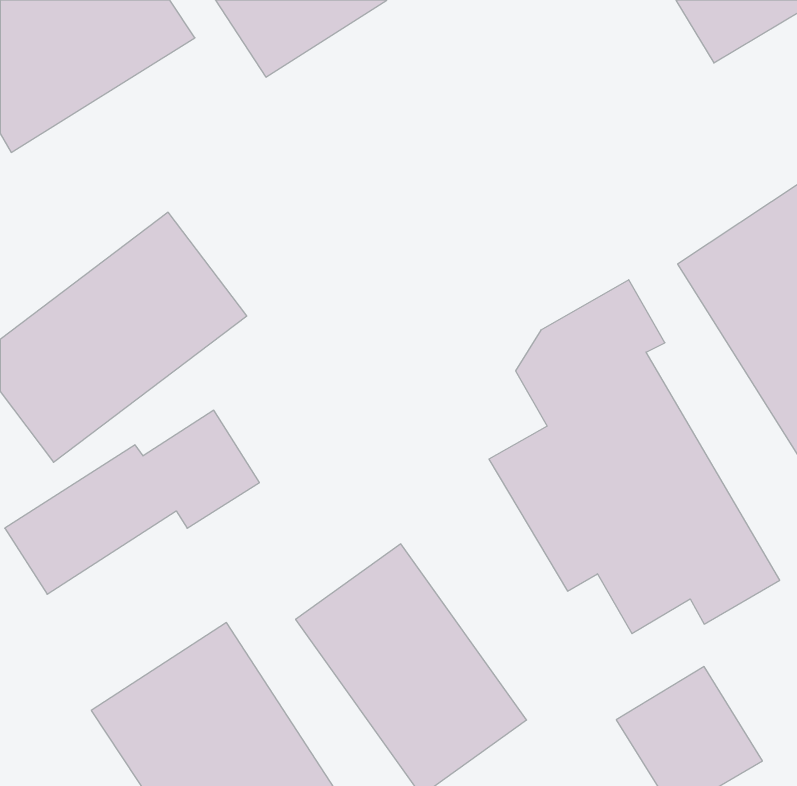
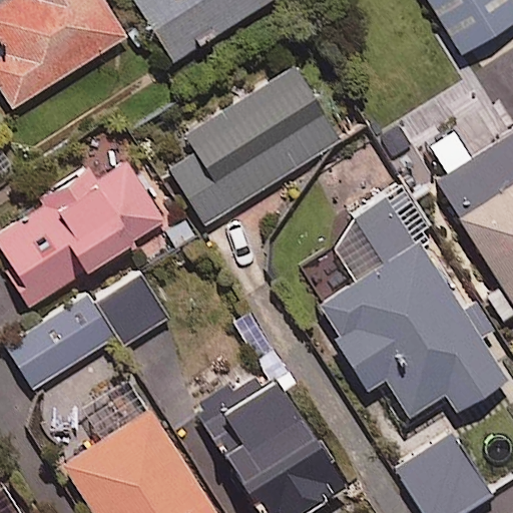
building: none -> [158,66,358,225]

